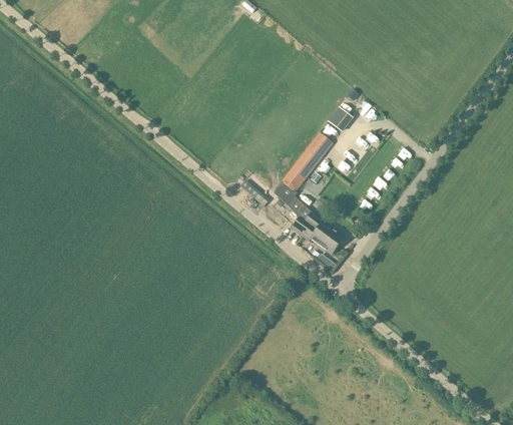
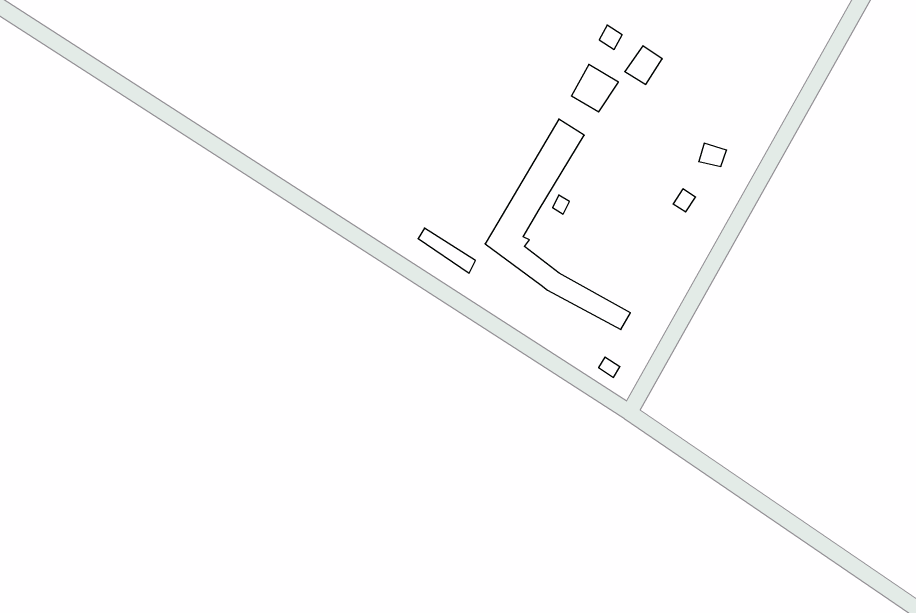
building: [290,217,338,255] -> none

